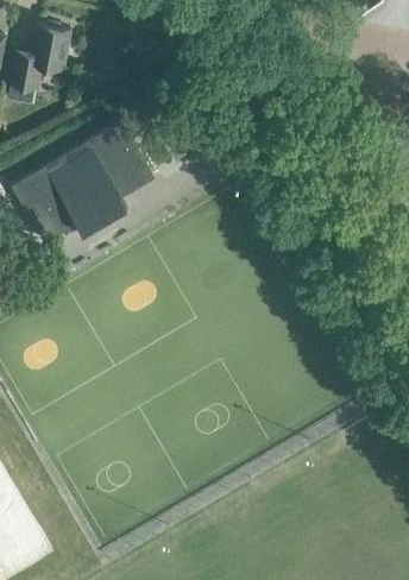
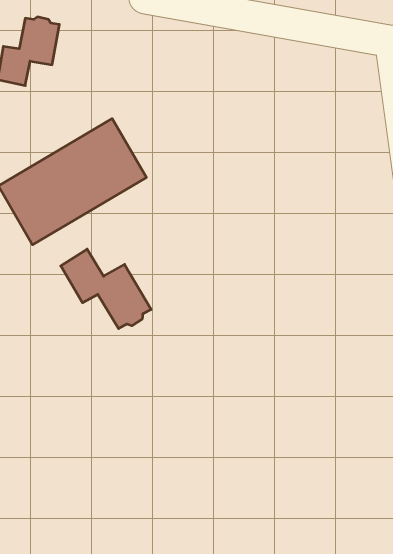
building: none -> [61,249,151,329]

